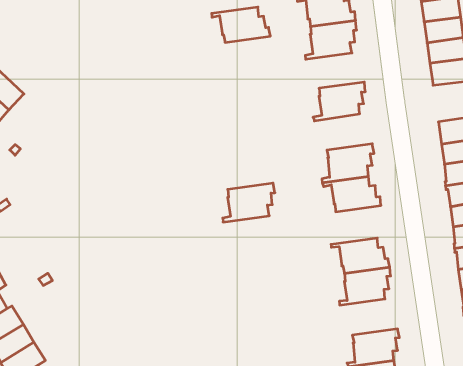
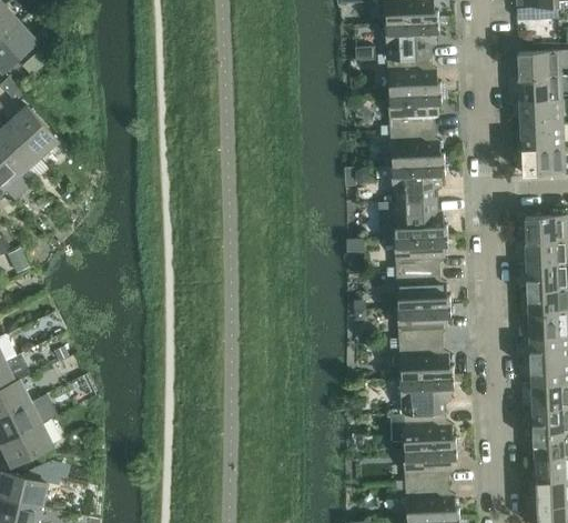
building: [212,7,270,42] -> [381,129,445,165]
building: none -> [384,199,447,237]
building: [223,183,275,222] -> [389,305,452,344]
building: none -> [393,412,456,450]

